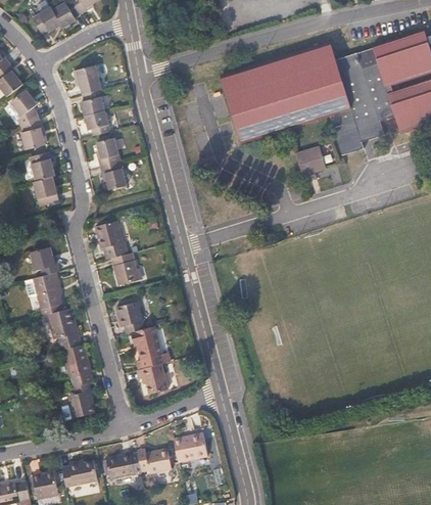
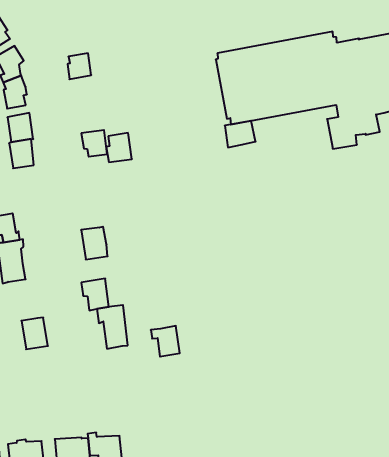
building: [76,64,102,94] -> none
building: [85,109,111,135] -> none
building: [97,136,123,166] -> [106,133,132,162]
building: [295,148,326,176] -> [225,121,256,147]
building: [95,221,128,260] -> none
building: [46,308,78,350] -> none
building: [137,364,166,395] -> [151,326,180,357]
building: [67,382,94,418] -> none
building: [174,433,207,463] -> none

